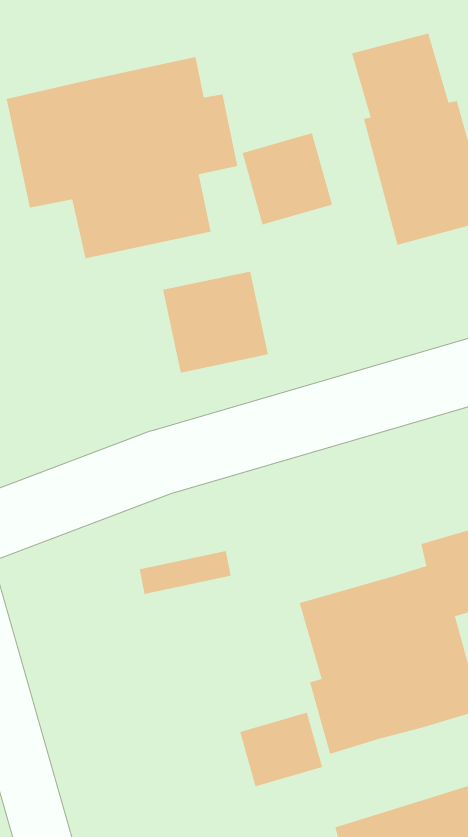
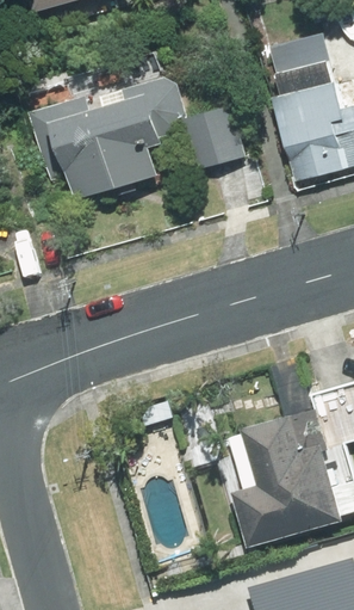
building: [162,271,269,373] -> none
building: [239,712,323,787] -> none

